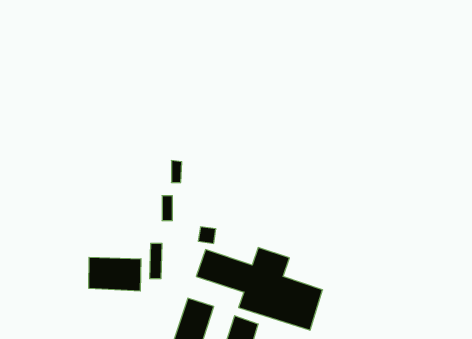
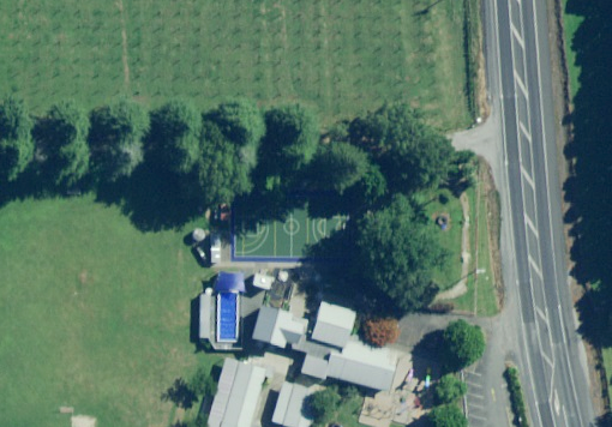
building: [89,257,141,291] -> none

